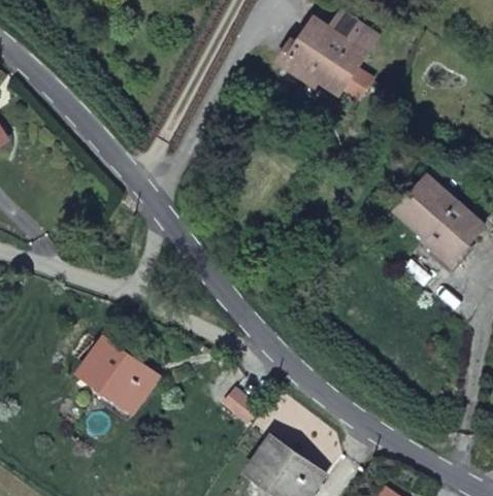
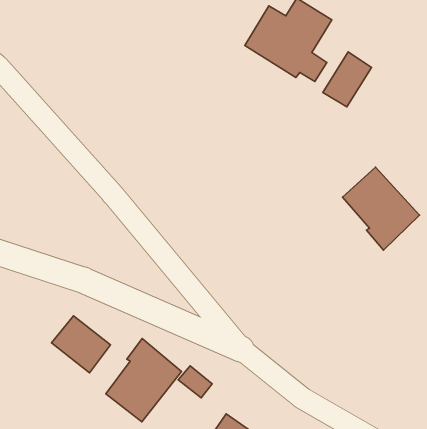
building: none -> [323,52,372,107]
building: none -> [106,338,182,422]

